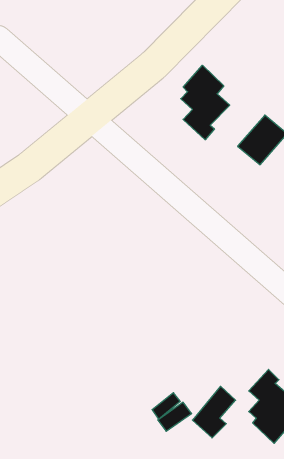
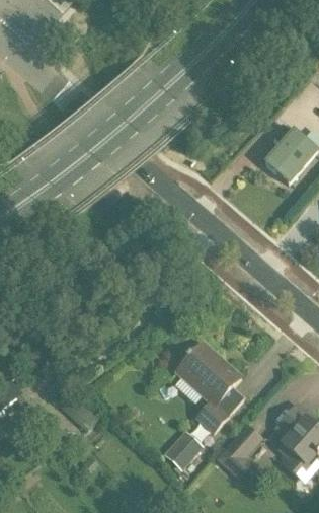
building: [181,65,230,140] -> none
building: none -> [176,345,241,433]

